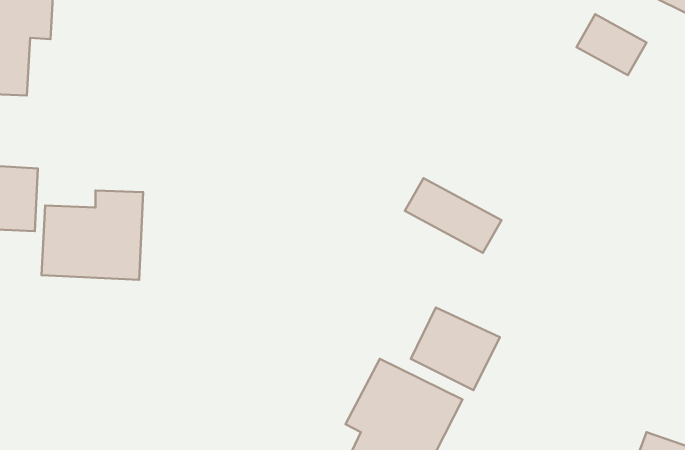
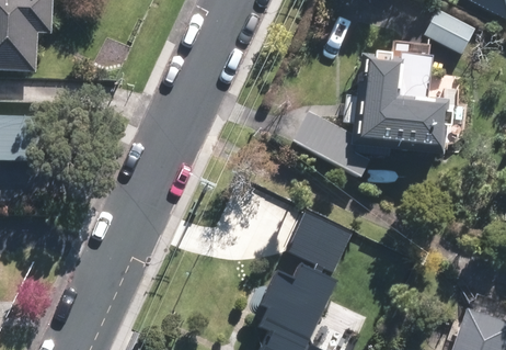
building: none -> [356,54,447,150]
building: [41,191,143,280] -> none

